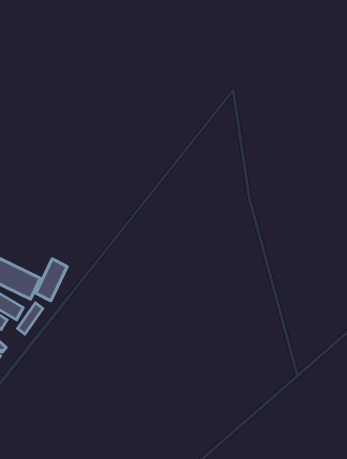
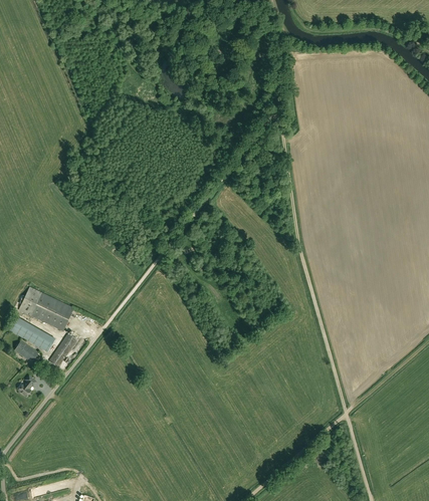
building: [36,259,67,301] -> none

